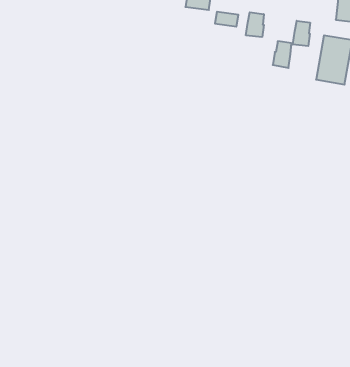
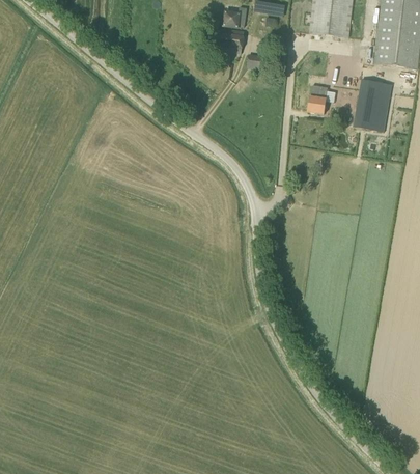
building: [246,12,264,37] -> none
building: [293,21,310,46] -> none

